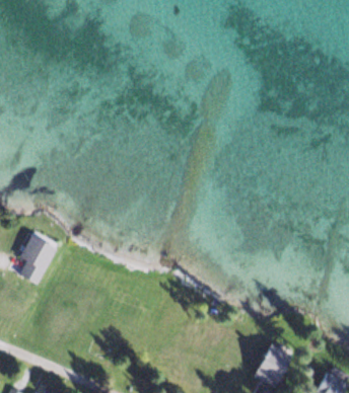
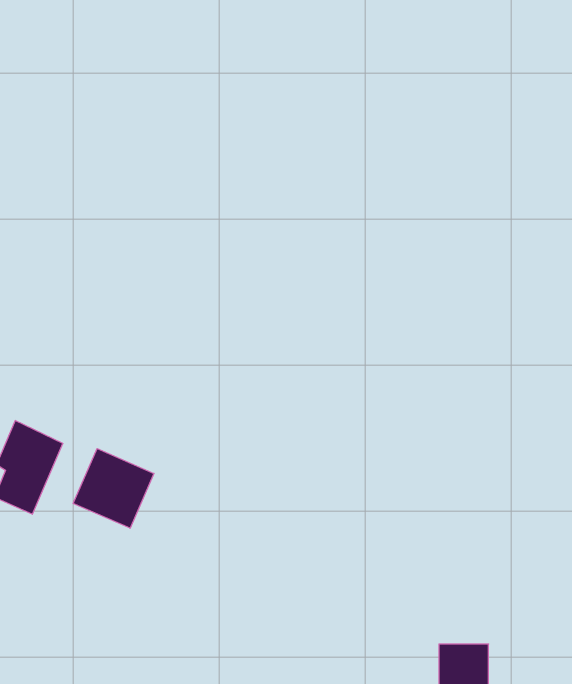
building: none -> [73,449,154,528]

